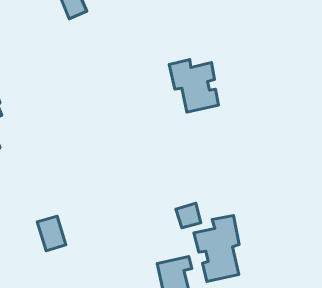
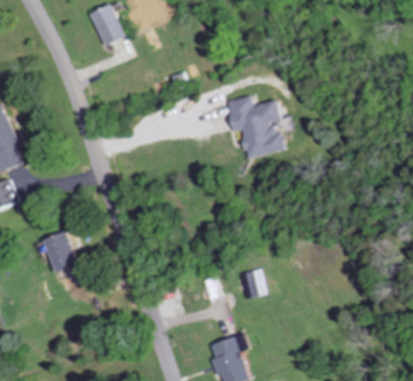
building: [194,215,239,281] -> none
building: [37,216,66,251] -> [45,231,79,273]

